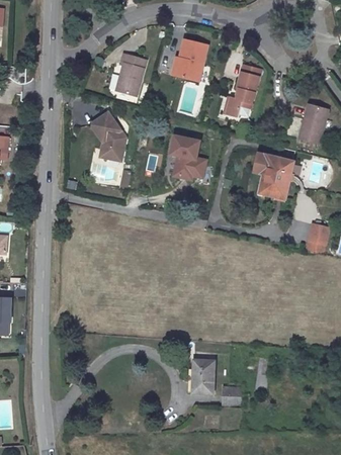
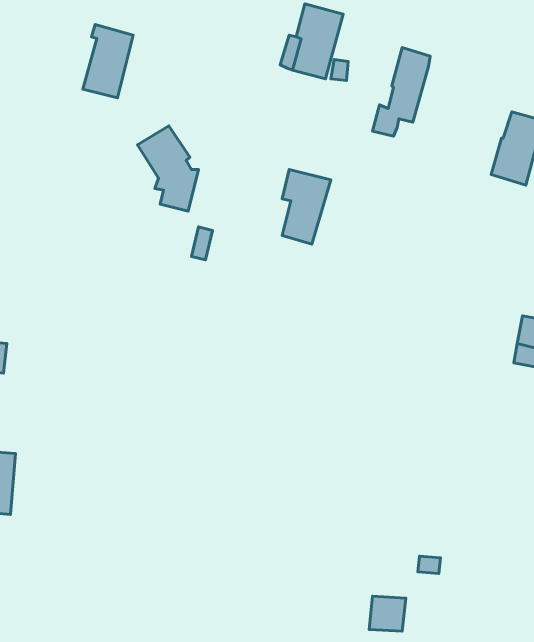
building: [116,54,146,96] -> [83,25,133,98]
building: [255,153,294,198] -> none
building: [195,357,218,391] -> none

